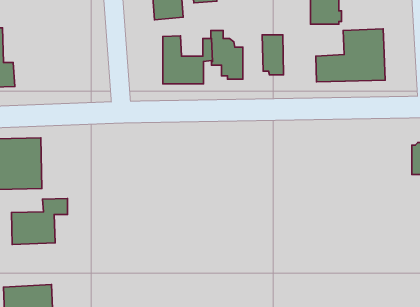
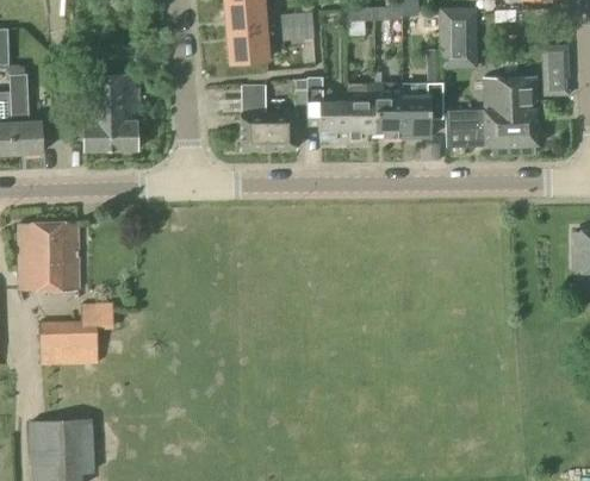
building: none -> [542,45,570,95]
building: none -> [82,73,141,150]
building: none -> [402,82,431,137]
building: none -> [348,83,375,143]

